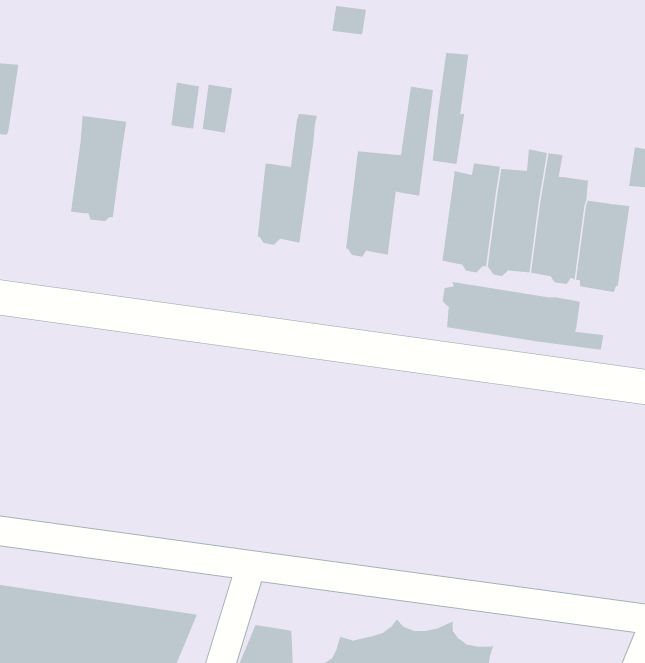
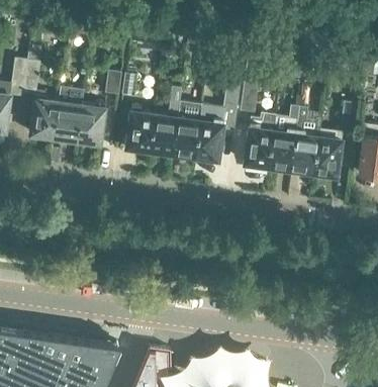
building: none -> [23,52,60,141]
building: none -> [77,104,105,147]
building: none -> [173,105,202,161]
building: none -> [126,108,155,155]
building: [442,281,604,350] -> none

